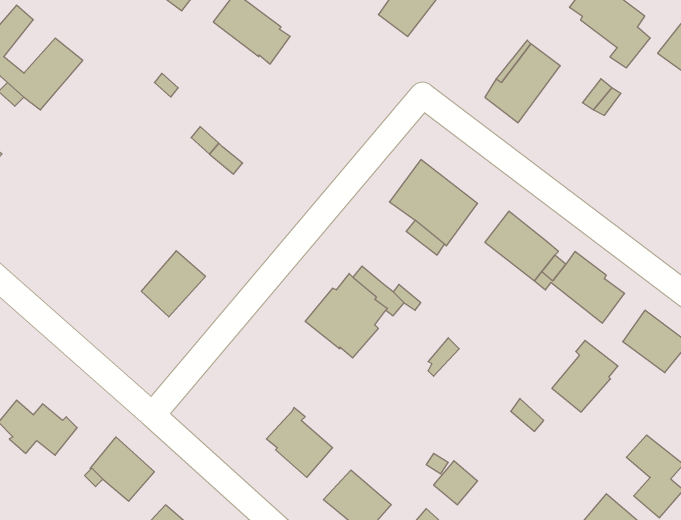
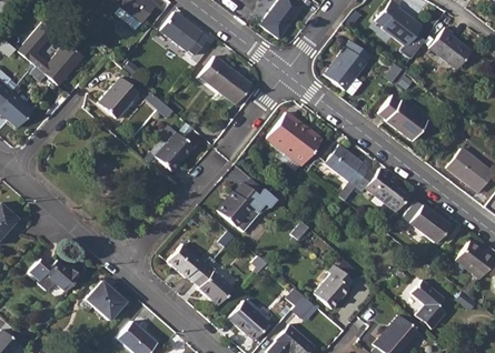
building: none -> [200,57,251,104]
building: none -> [99,77,139,119]
building: none -> [379,97,429,141]
building: [141,251,205,317] -> [156,132,195,172]
building: [552,340,618,412] -> [315,265,355,309]
building: none -> [168,243,209,282]

